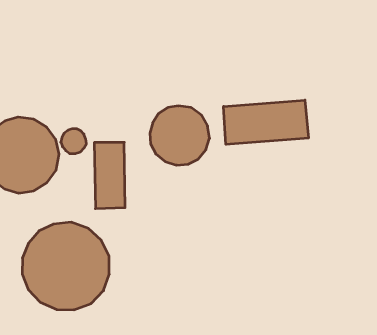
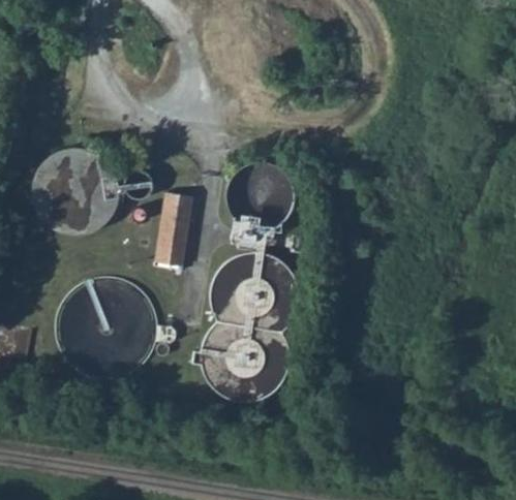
building: [224,100,308,144] -> none
building: none -> [202,252,298,401]

